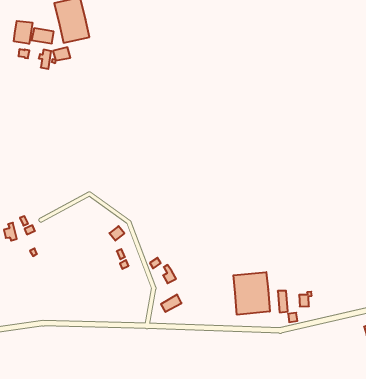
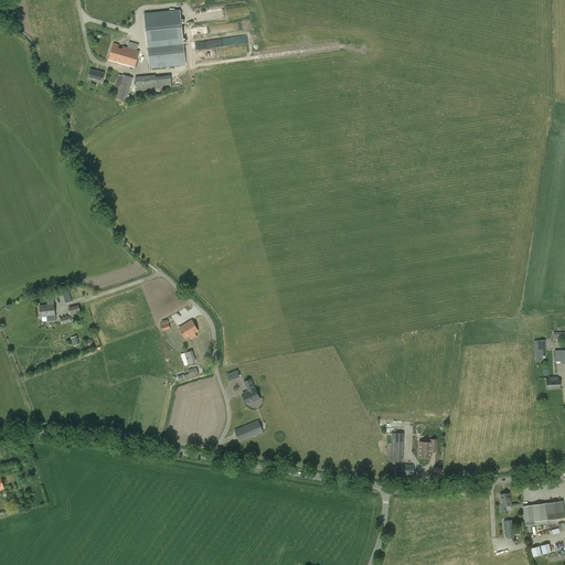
building: [14,21,32,44] -> none
building: [233,272,270,315] -> none

